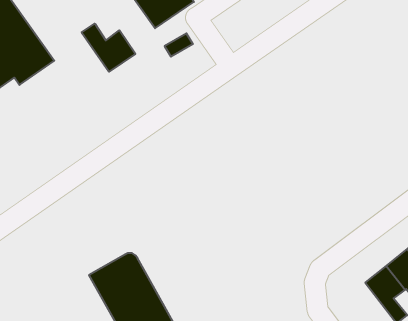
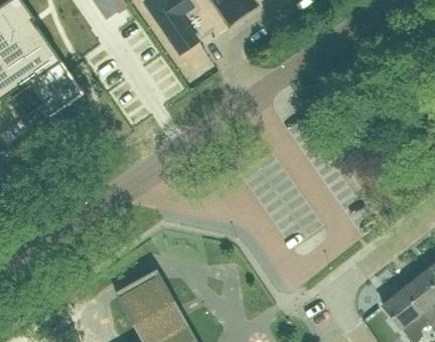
building: [82,24,135,72] -> none

